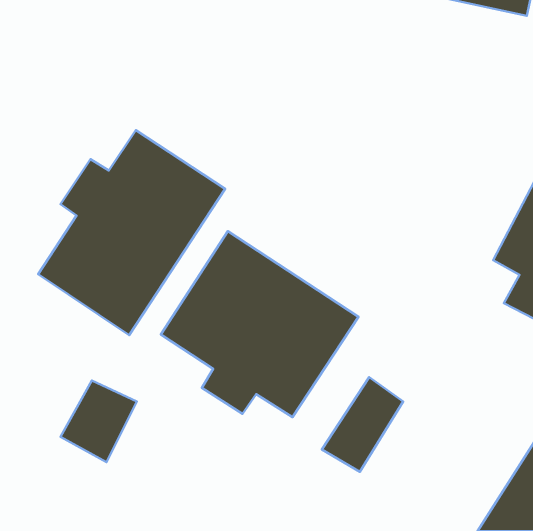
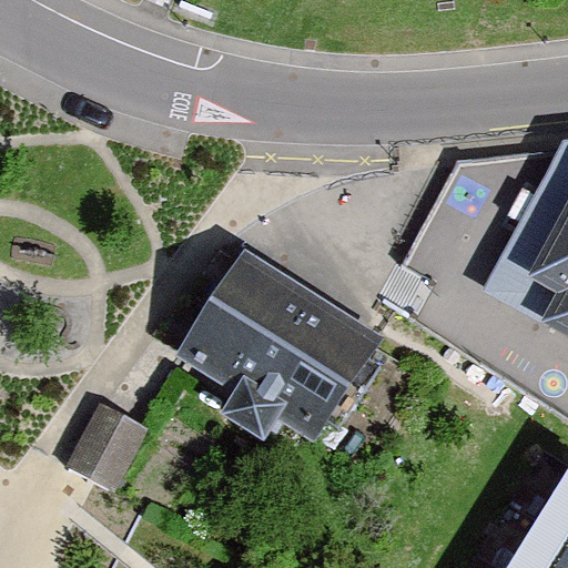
building: [38,130,225,335] -> none
building: [322,377,403,472] -> none

